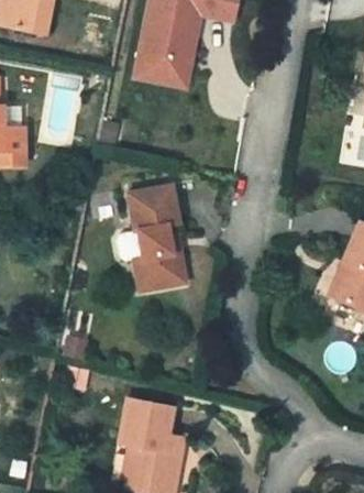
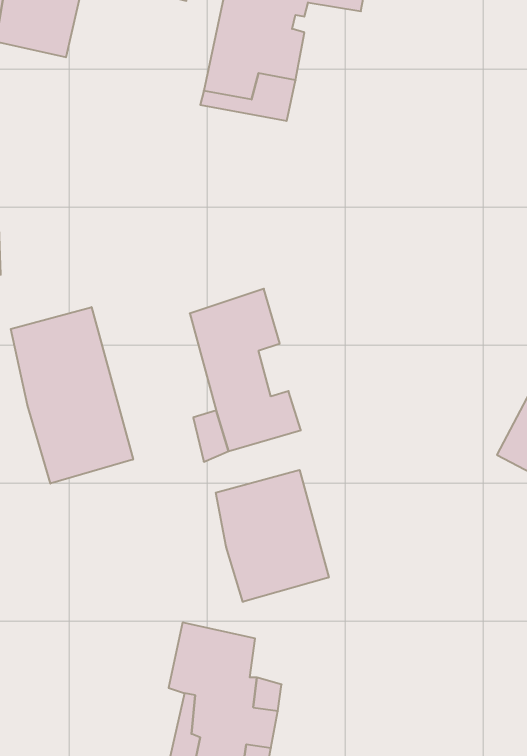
building: none -> [11,307,133,484]
building: none -> [216,470,329,602]

